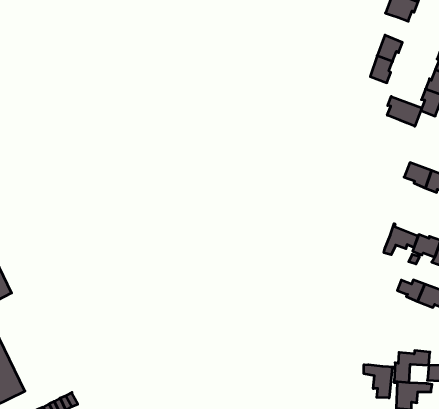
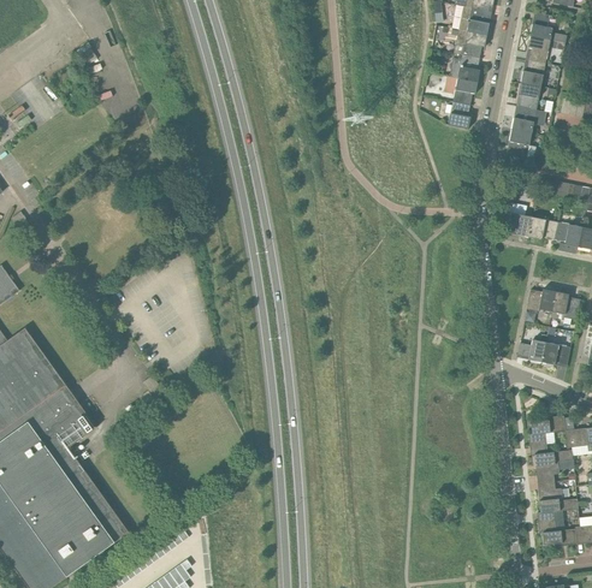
building: none -> [449,54,480,82]
building: [387,96,422,126] -> none
building: [384,224,418,255] -> none
building: [364,365,395,398] -> none

